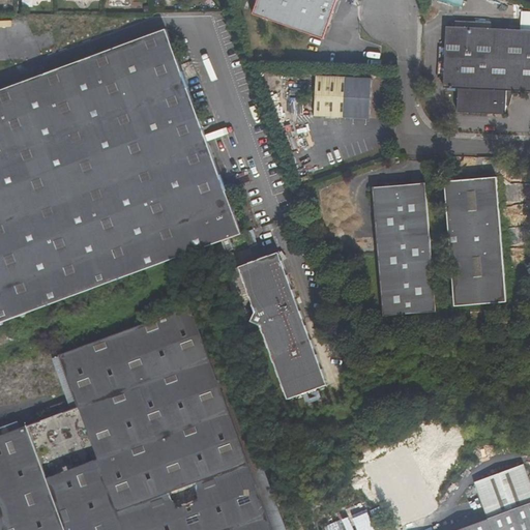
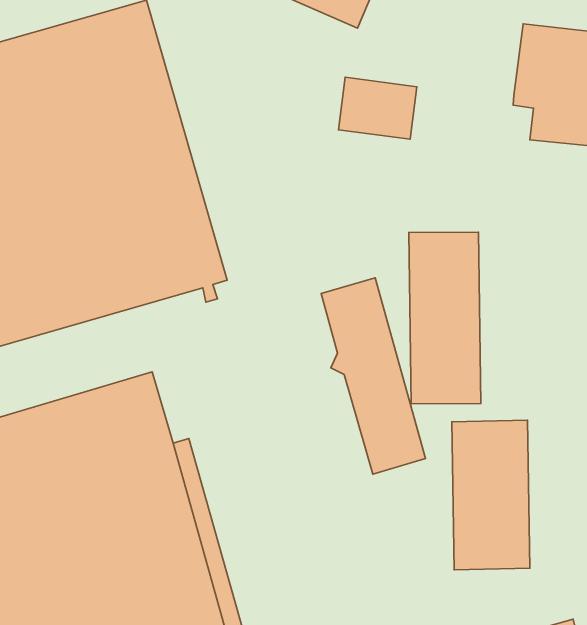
building: [444,178,505,306] -> none
building: [238,254,325,400] -> [321,278,426,474]
building: none -> [452,420,530,570]

